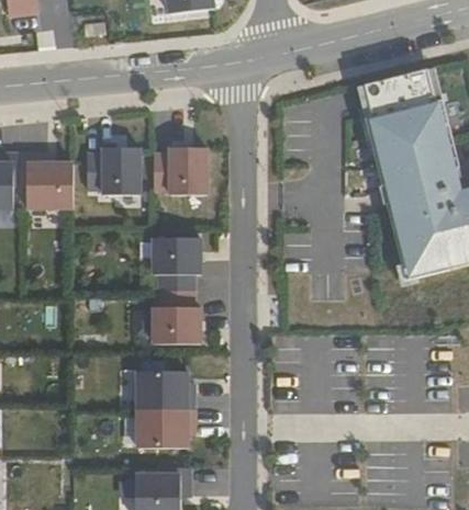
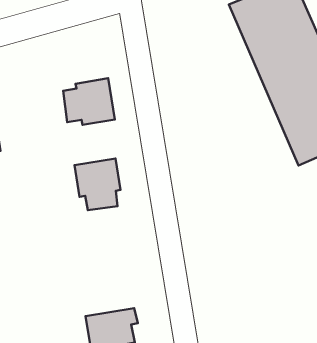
building: [87,147,139,194] -> none
building: [154,291,201,344] -> none
building: [137,371,194,409] -> none

